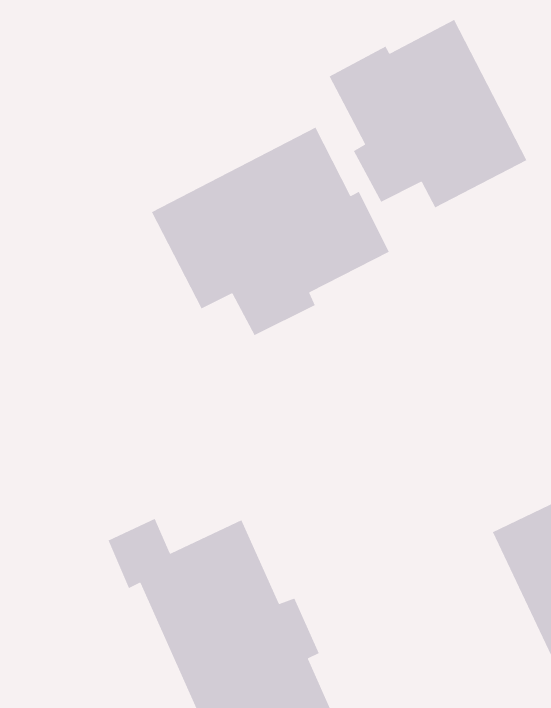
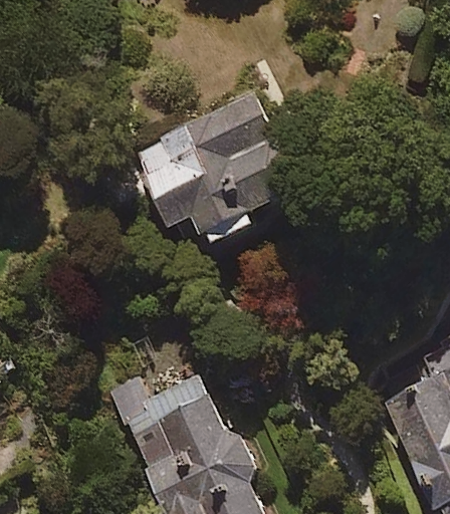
building: [328,19,528,209] -> none

